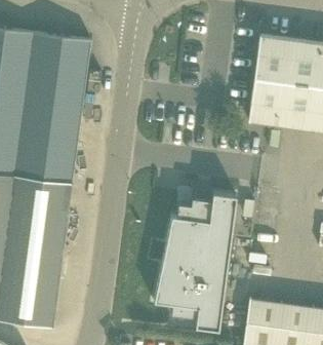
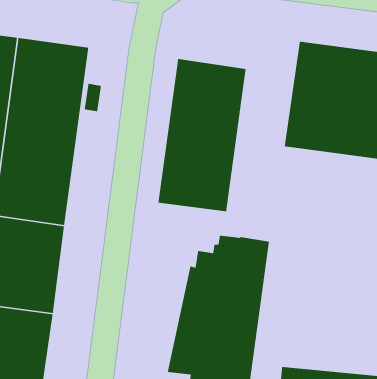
building: none -> [158,58,246,212]

